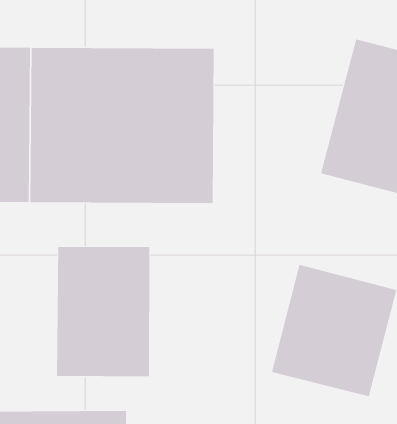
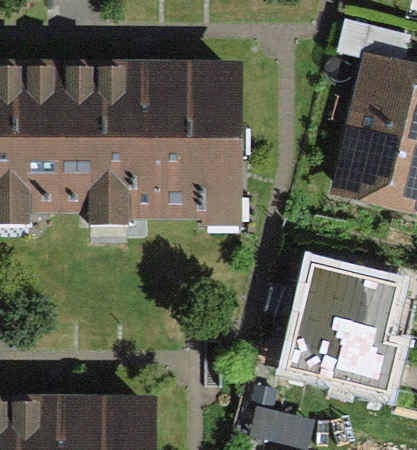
building: [57,246,150,377] -> none

